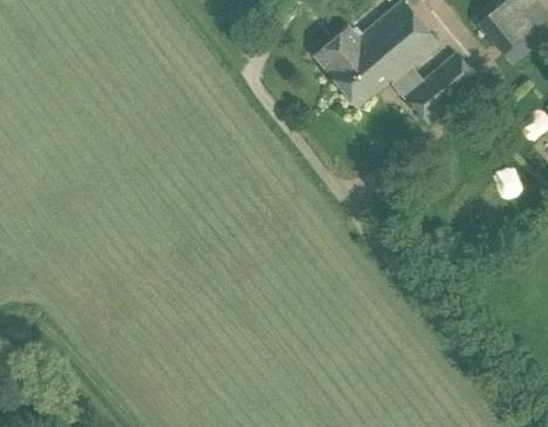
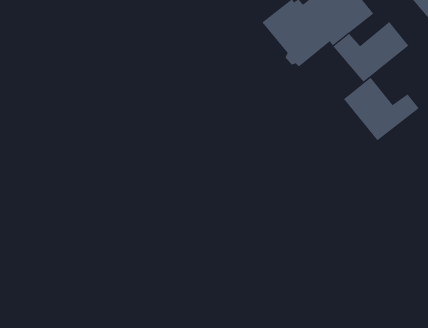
building: none -> [343,77,420,141]

